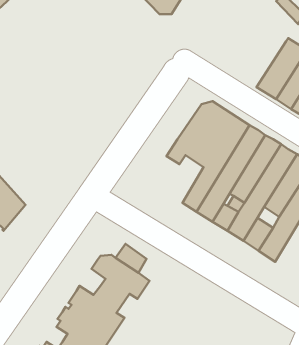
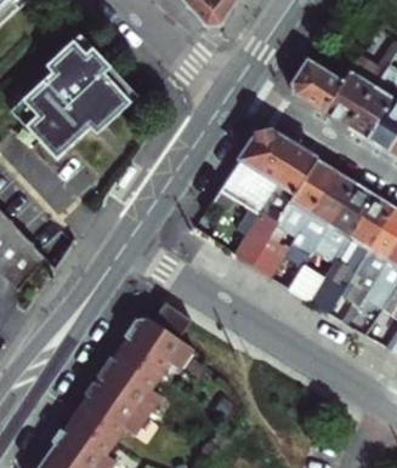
building: none -> [19,40,144,165]
building: none -> [289,45,359,113]

